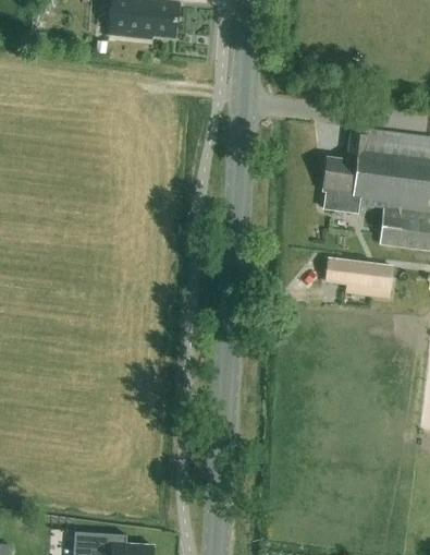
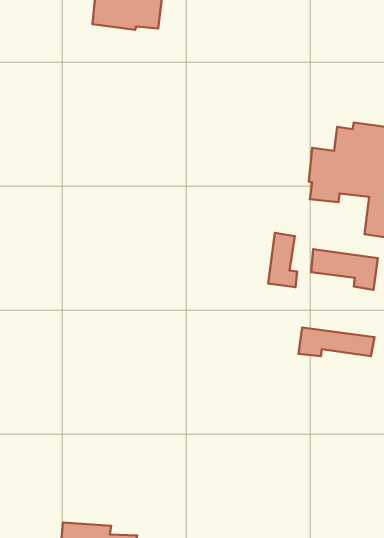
building: none -> [268,233,297,287]
building: none -> [299,327,374,356]

